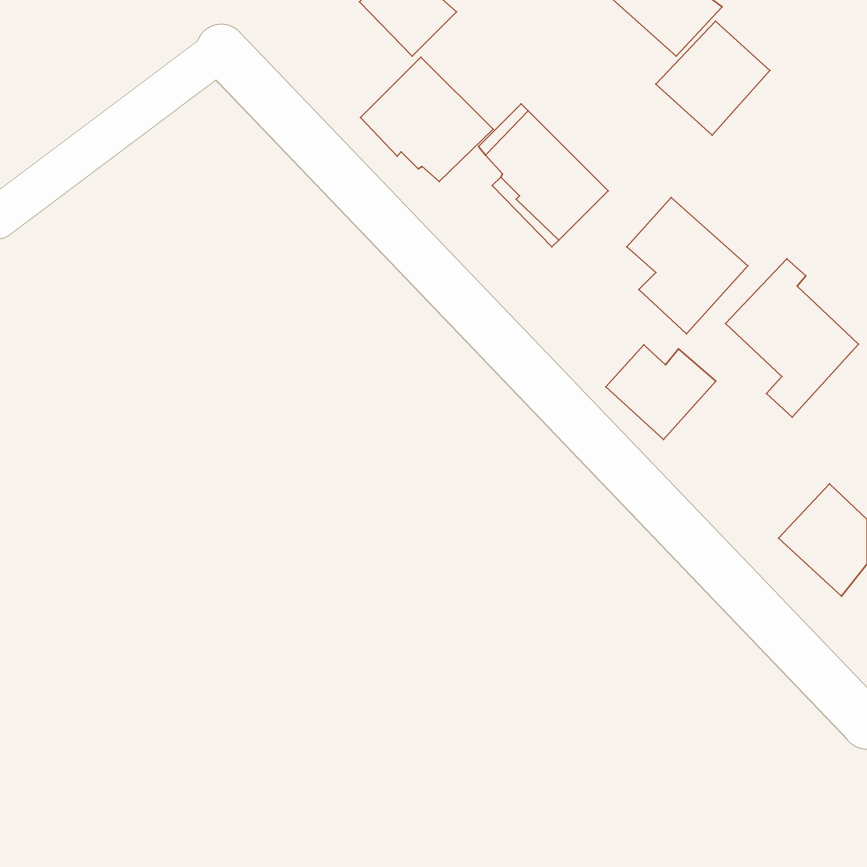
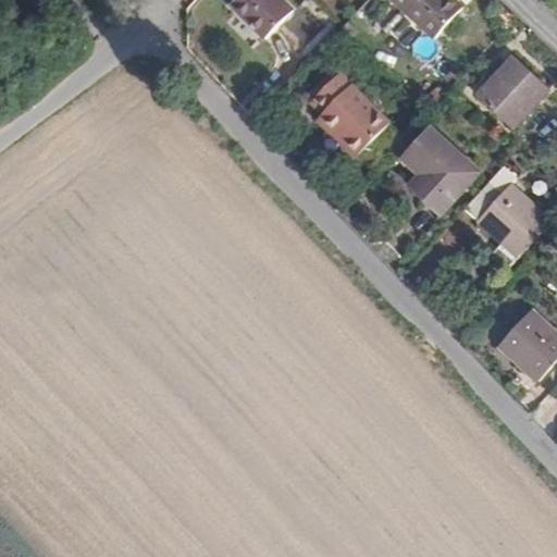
building: [656,21,770,135] -> [475,54,548,127]
building: [361,57,493,181] -> none
building: [606,345,716,440] -> none

